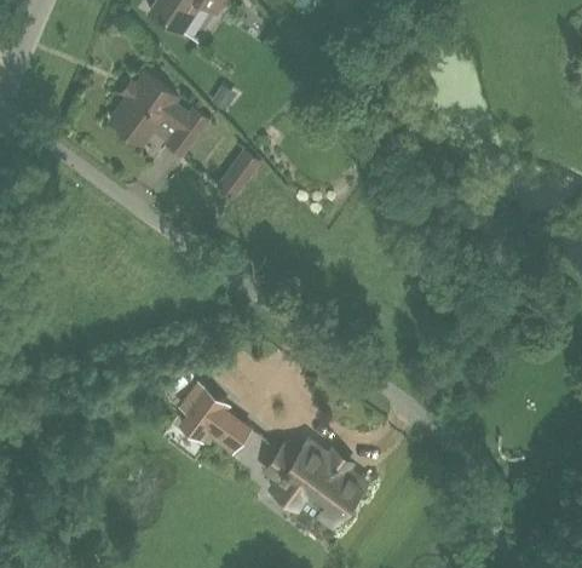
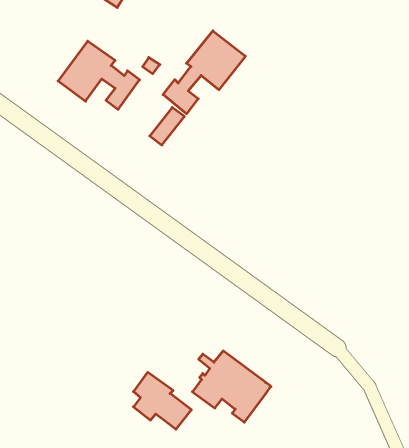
building: none -> [163,31,245,114]
building: [180,384,249,452] -> [133,372,191,429]

